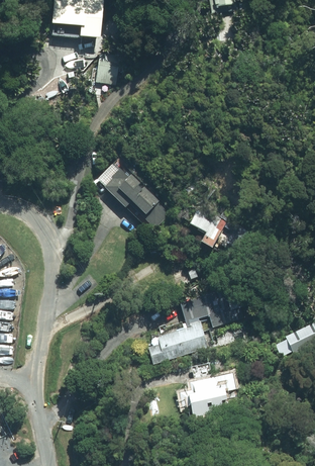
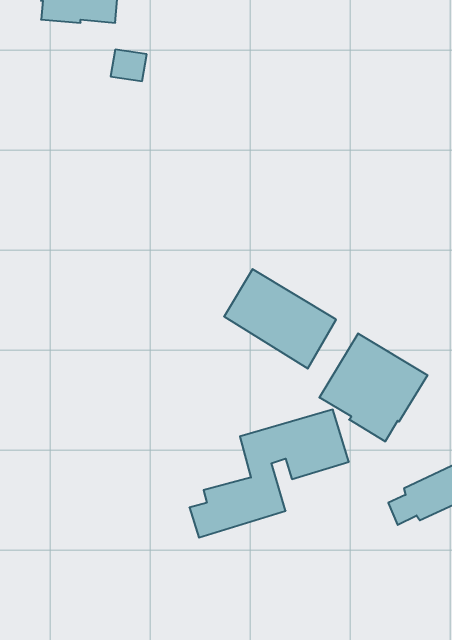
building: [103,168,170,231] -> none
building: none -> [319,333,427,442]
building: [178,371,234,416] -> none

